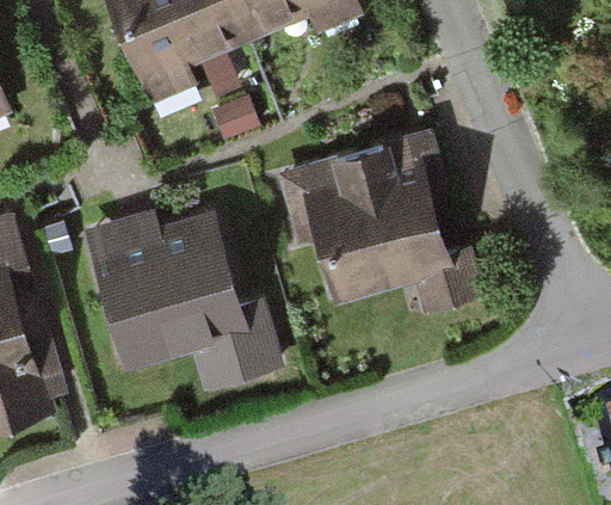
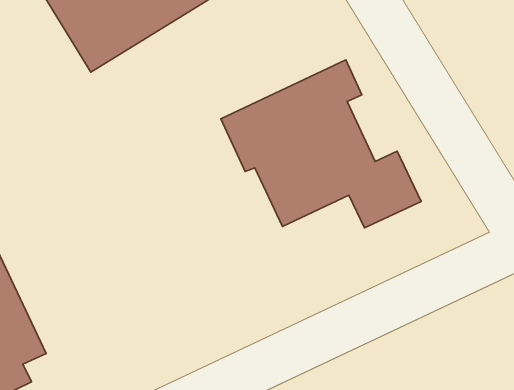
building: [97,211,277,377] -> none

